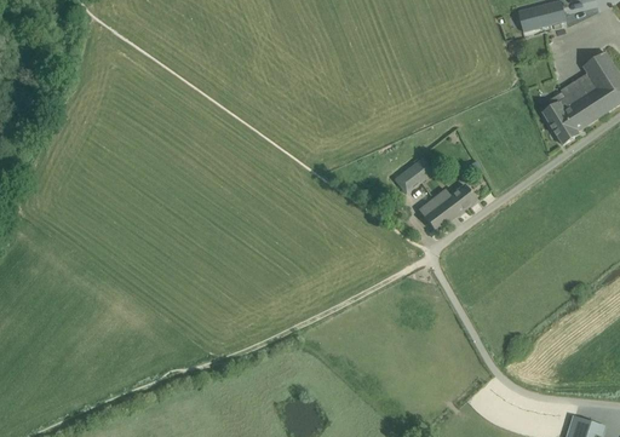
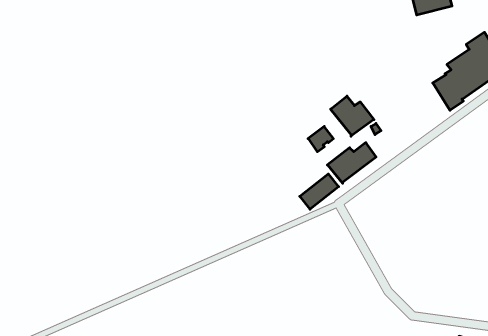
building: none -> [331,96,374,136]
building: none -> [300,174,339,209]

